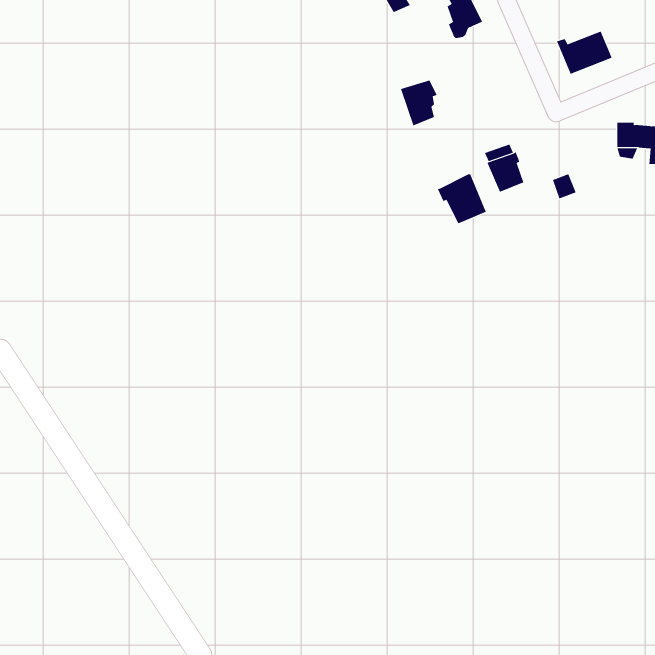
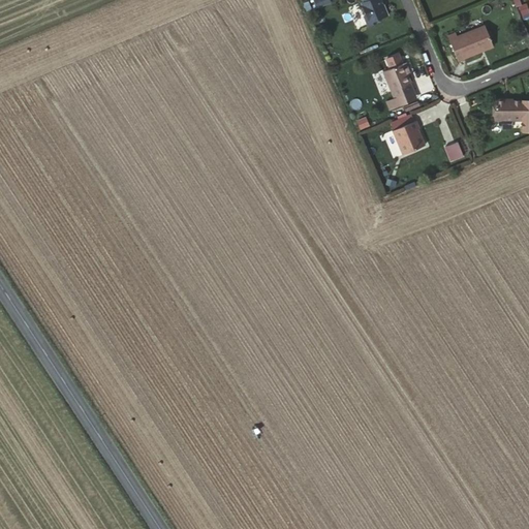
building: [400,80,437,126] -> [383,63,413,100]
building: [437,173,486,224] -> none

